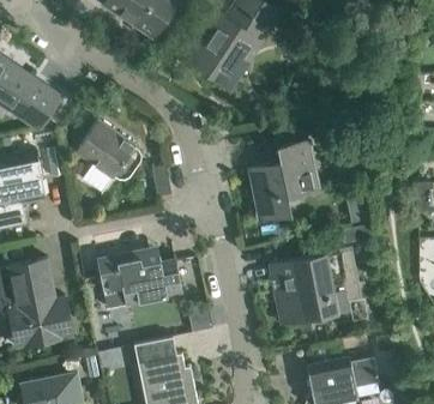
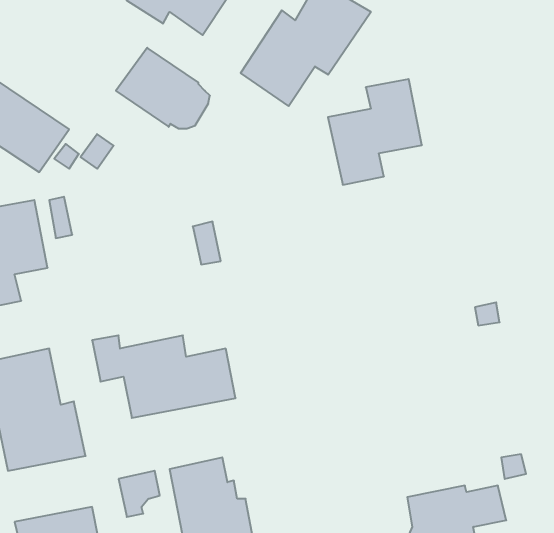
building: [74,120,143,179] -> [116,48,210,129]
building: [249,141,318,218] -> [328,79,422,185]
building: [269,247,361,325] -> none

